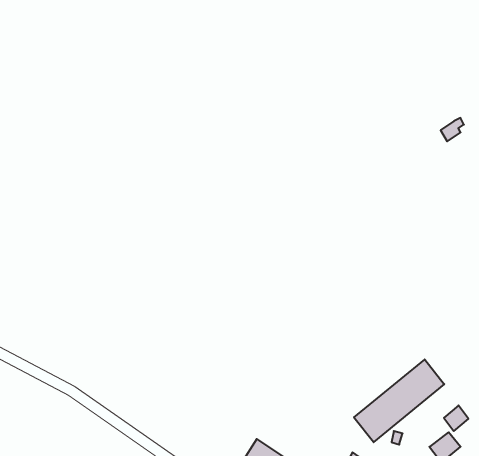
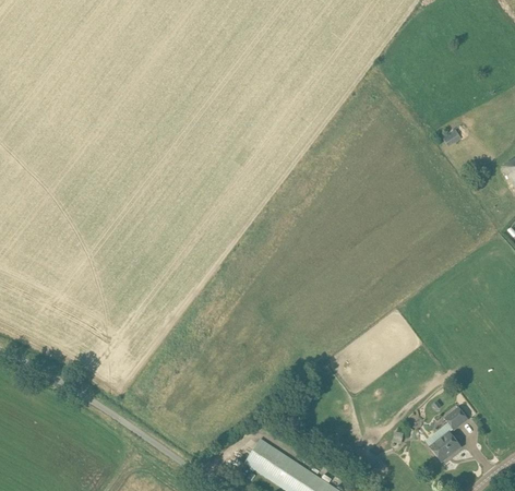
building: [354,359,444,442] -> none

